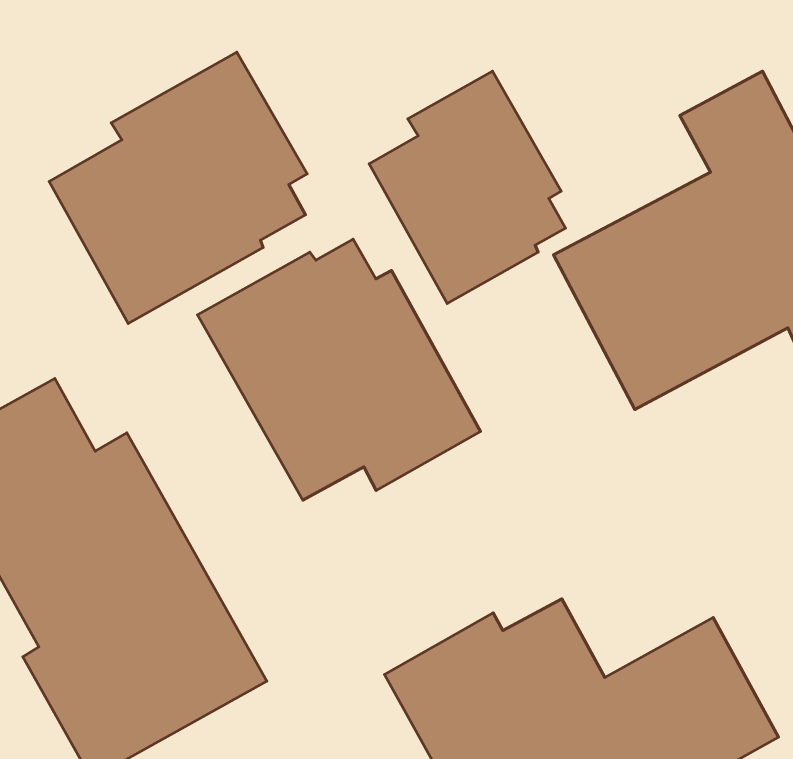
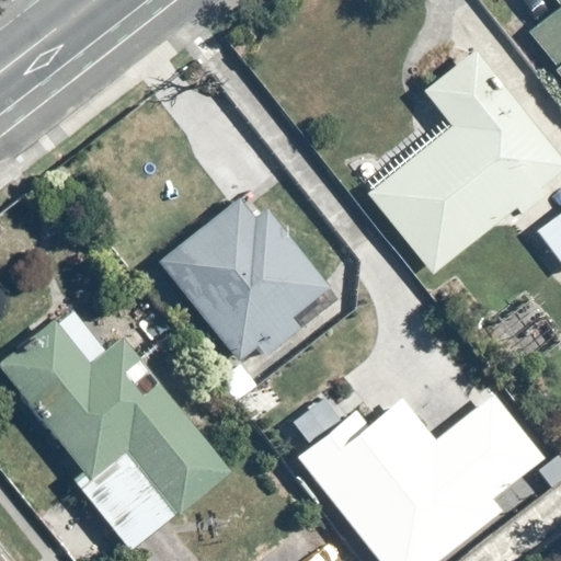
building: [49,52,307,323] -> none
building: [369,71,565,304] -> none

